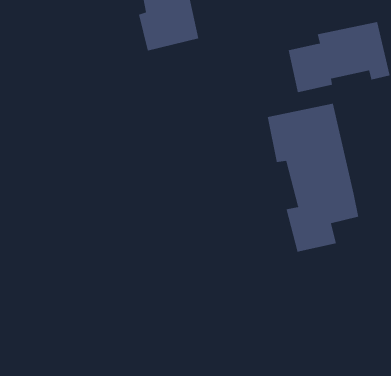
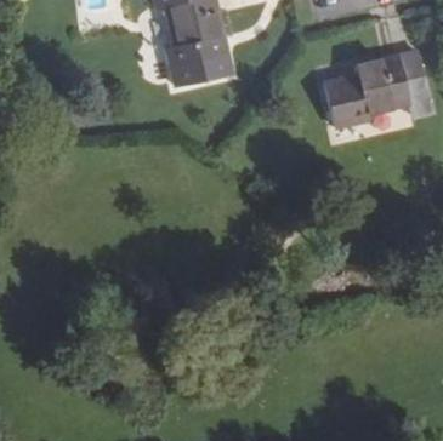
building: [267,103,359,253] -> none

